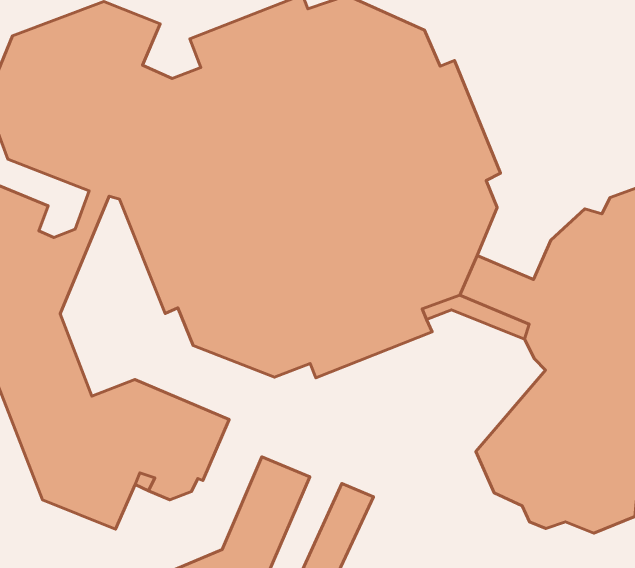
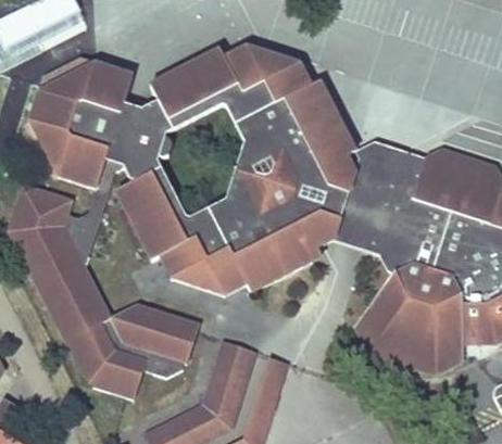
building: none -> [344,141,425,215]

